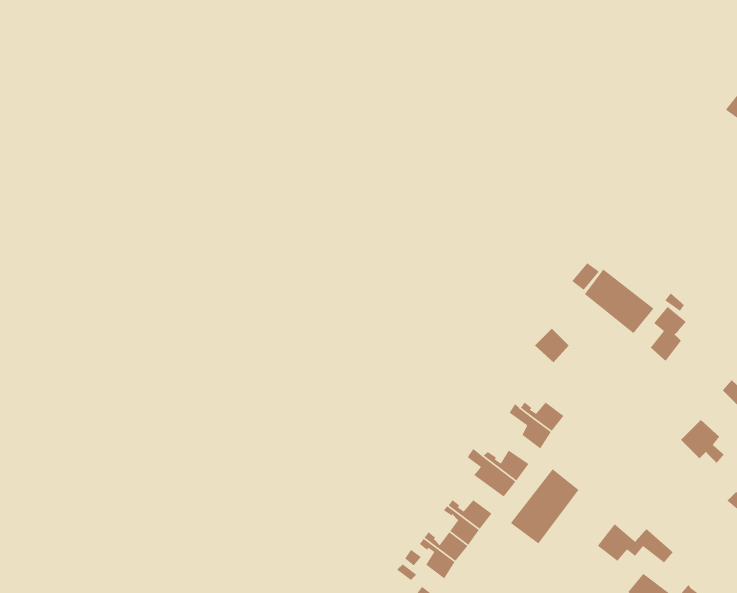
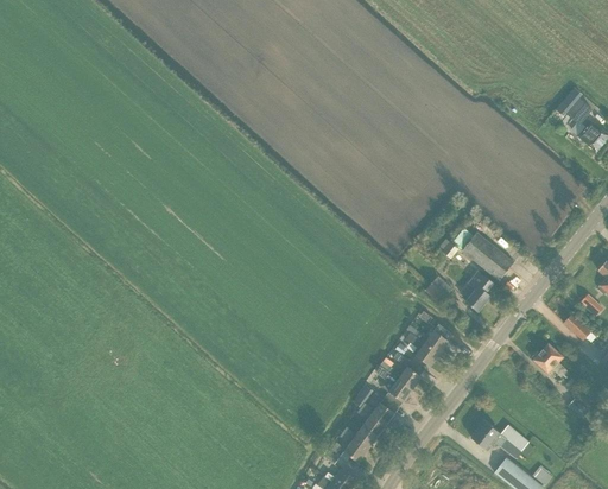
building: [650,306,687,362] -> [464,269,492,311]
building: [510,468,579,544] -> none

